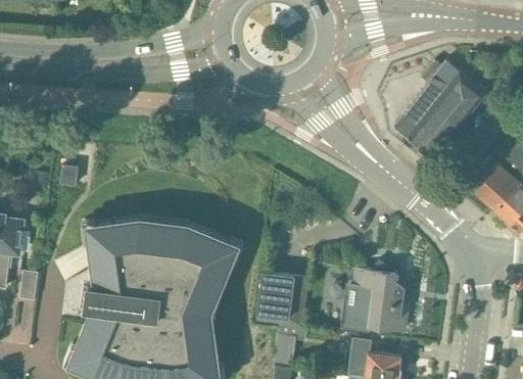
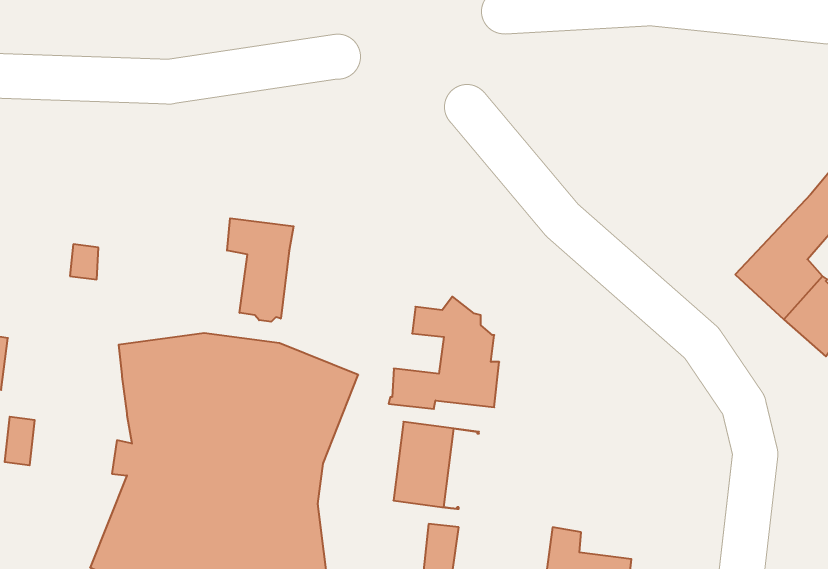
building: [393,62,485,160] -> none
building: none -> [227,218,294,322]
building: [340,265,408,333] -> [389,297,499,409]

